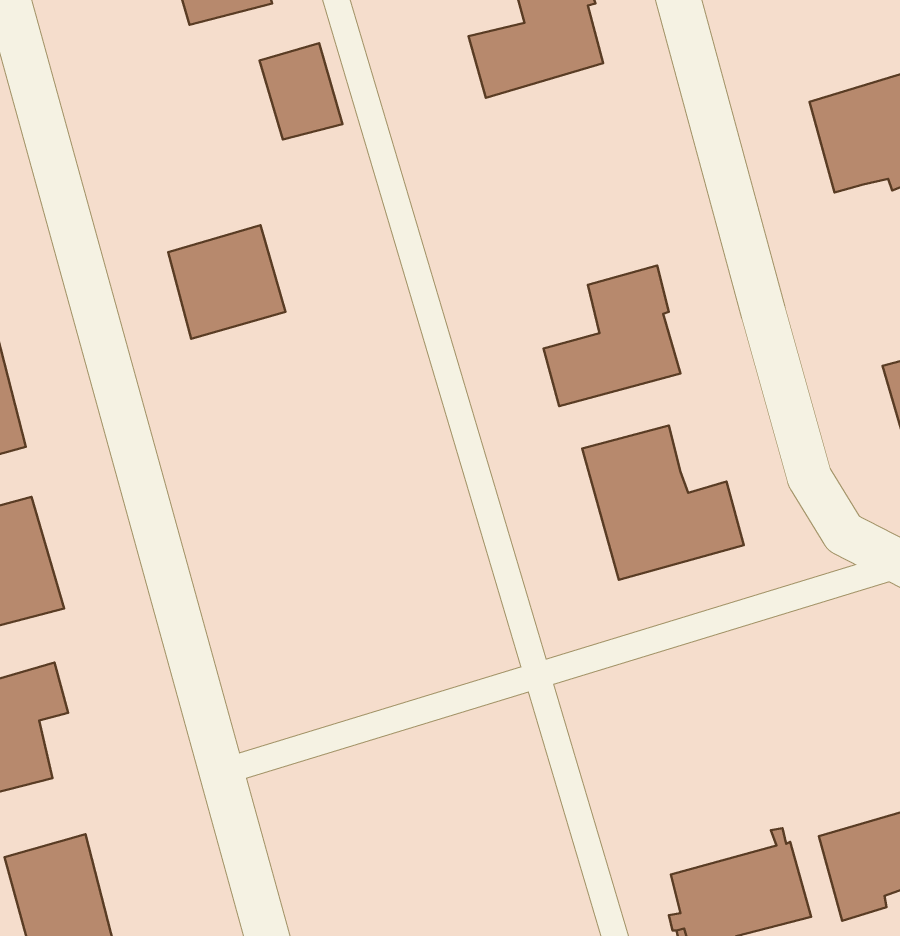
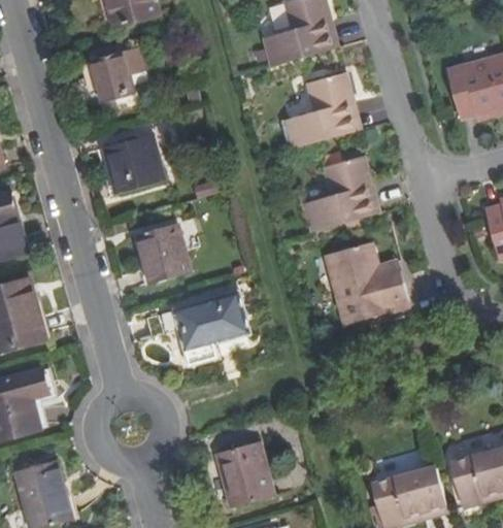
building: [260,43,342,140] -> [90,51,134,102]
building: none -> [286,71,359,147]
building: none -> [135,224,190,284]
building: none -> [173,291,249,363]
building: none -> [215,441,273,506]

